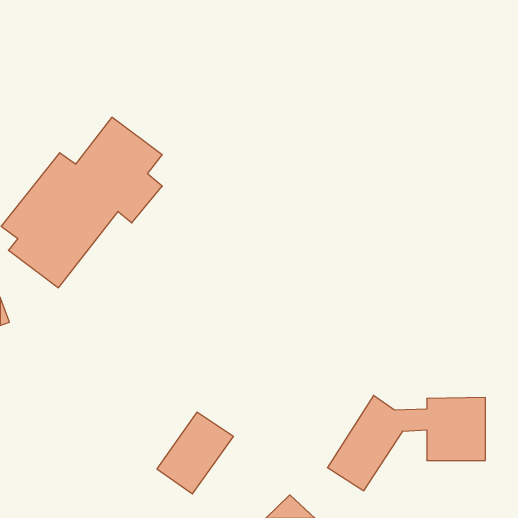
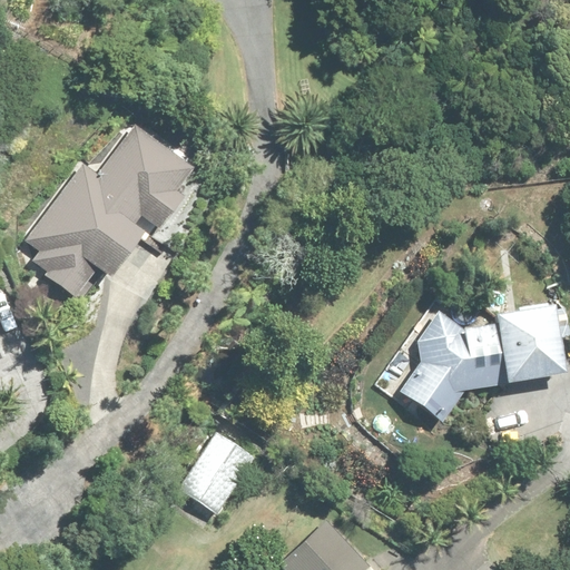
building: [327,395,485,491] -> [392,316,560,417]

